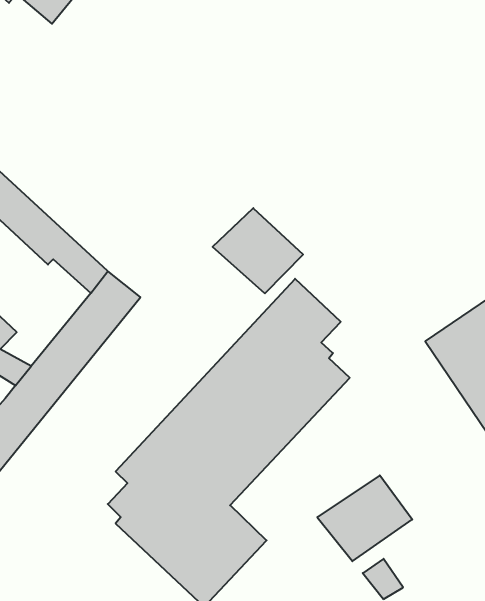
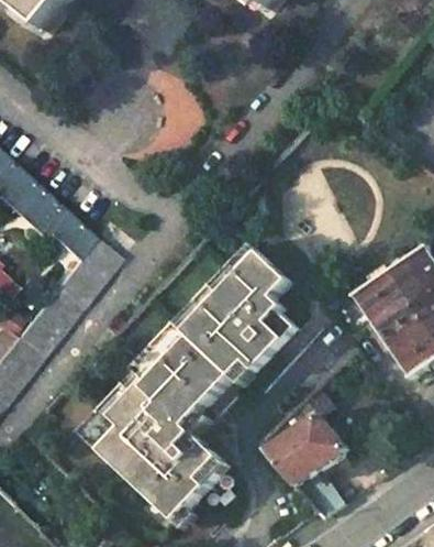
building: [213,208,303,293] -> none

